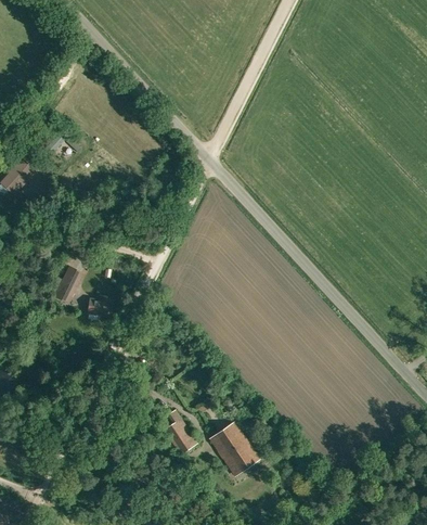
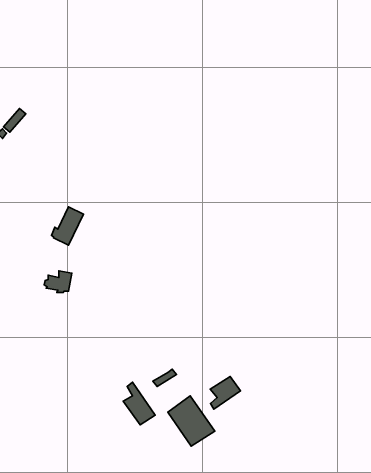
building: [51,266,83,305] -> [51,207,84,245]
building: none -> [210,376,240,409]

